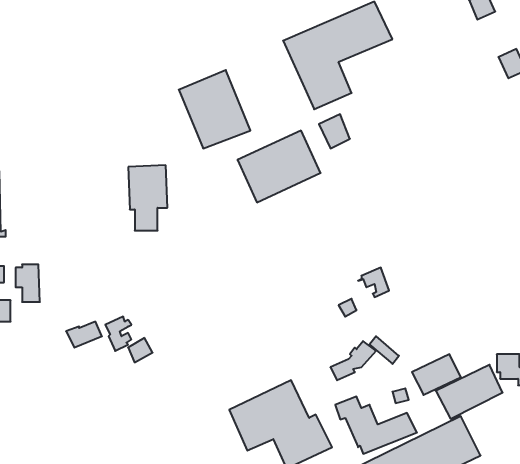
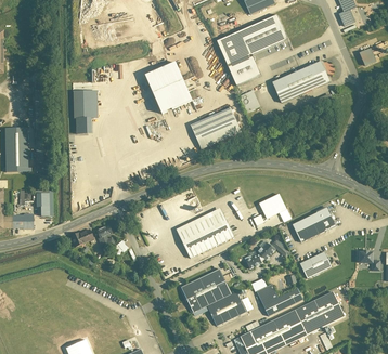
building: none -> [270,58,329,102]
building: [128,165,167,231] -> [72,91,98,134]
building: none -> [177,207,234,258]
building: [436,365,503,419] -> [290,208,335,244]

